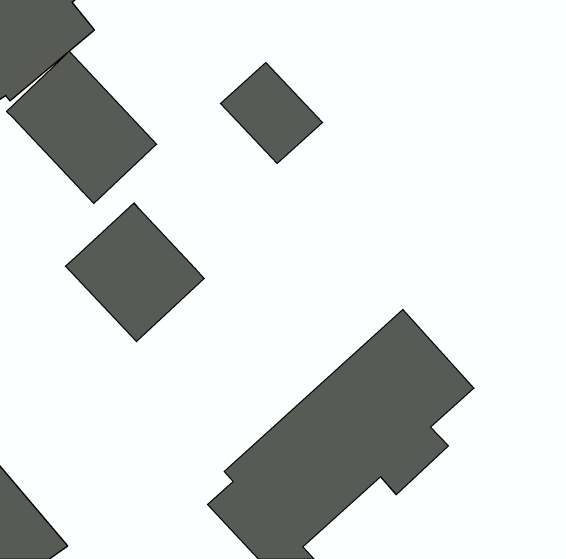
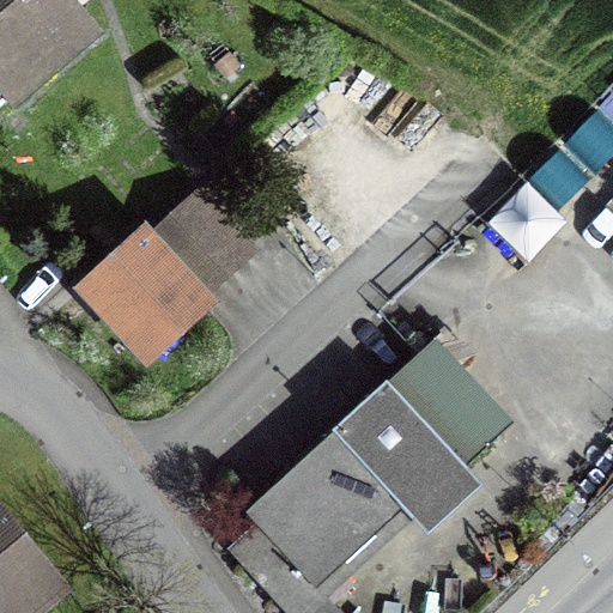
building: [7,51,157,203] -> none
building: [220,63,323,163] -> [150,181,260,290]

